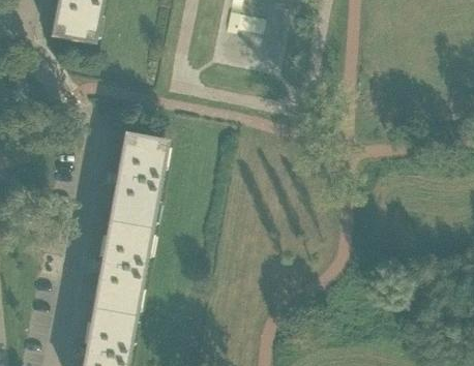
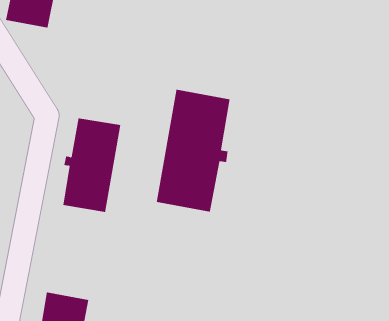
building: none -> [156,89,230,212]
building: [93,221,153,316] -> none

